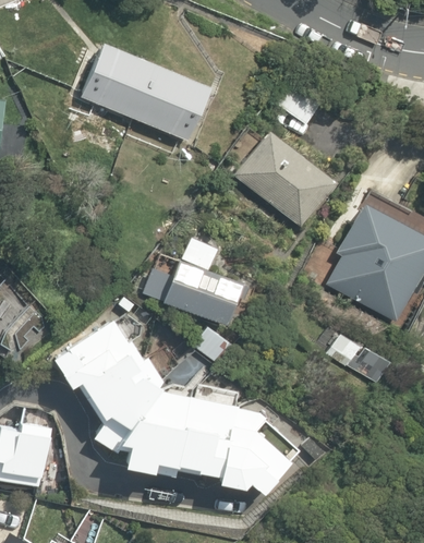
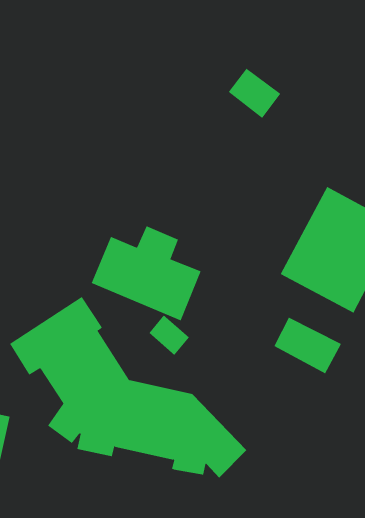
building: [81,44,211,146] -> none
building: [228,121,344,233] -> none

